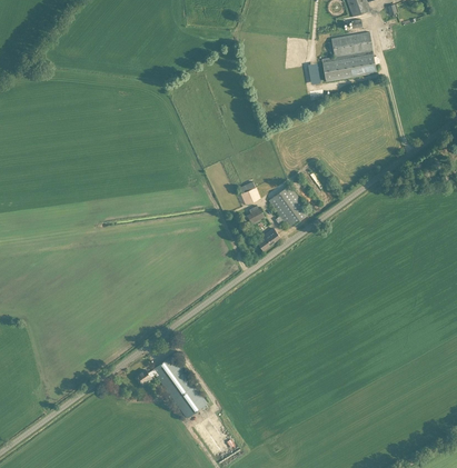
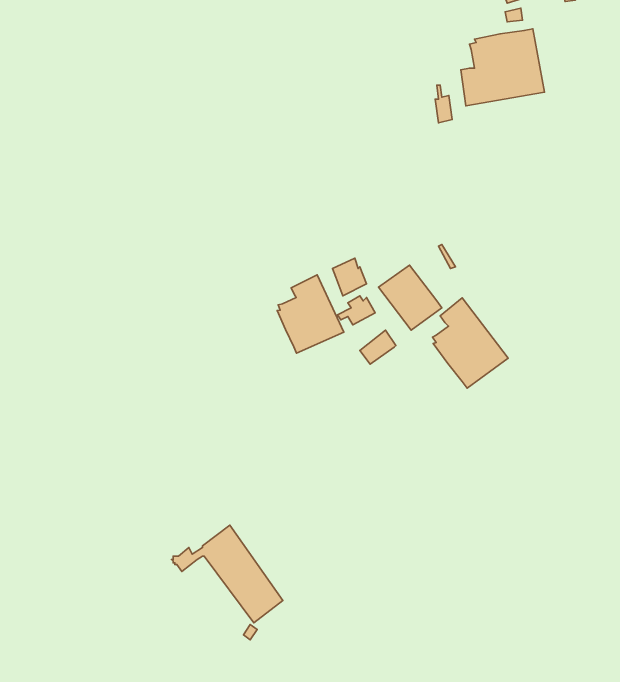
building: none -> [277,275,344,353]
building: none -> [432,298,508,388]

